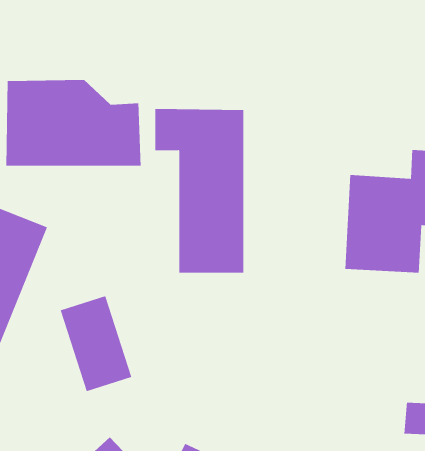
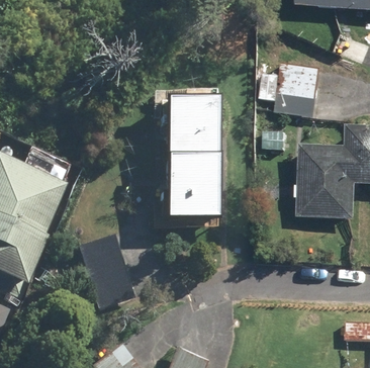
building: none -> [271,63,320,118]
building: [6,79,141,166] -> none

